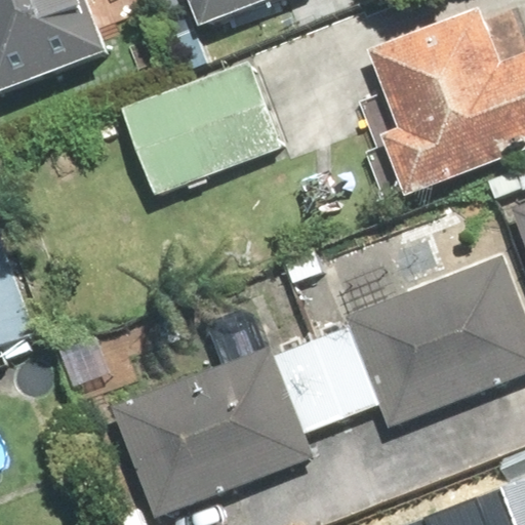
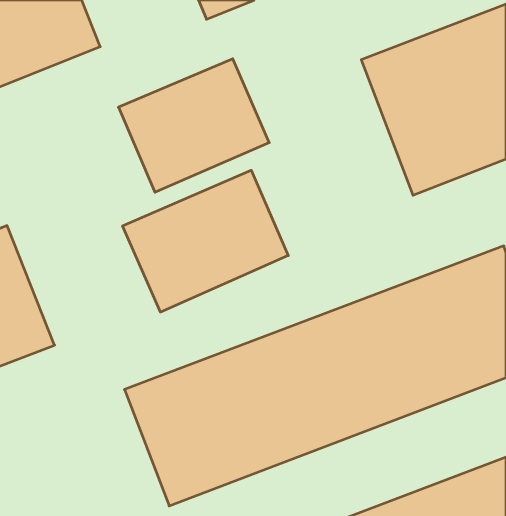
building: none -> [123,170,288,312]

